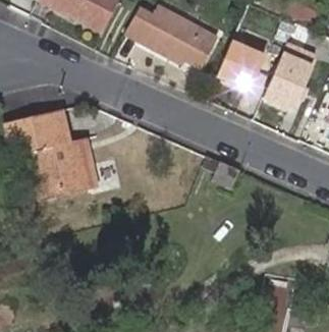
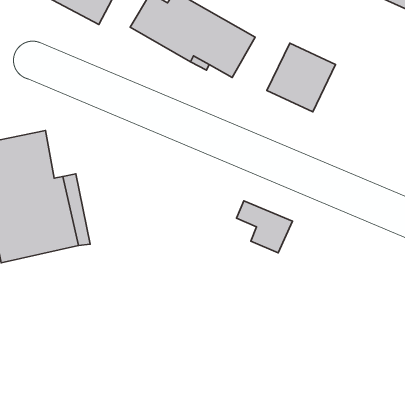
building: [267,57,314,110] -> none

